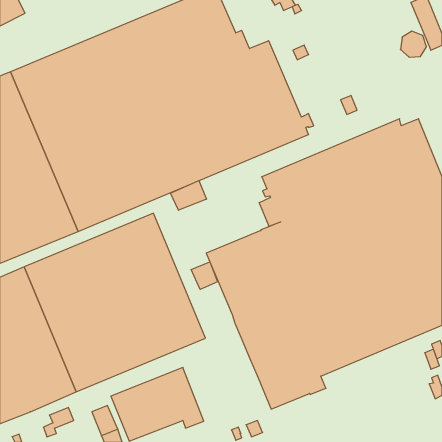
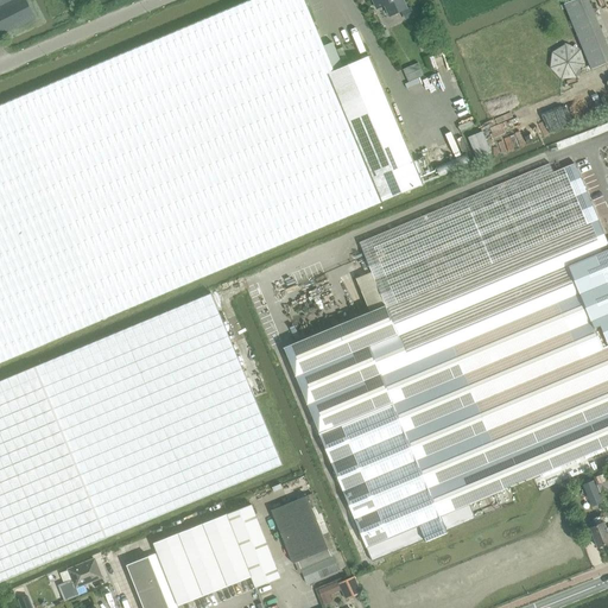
building: [171,181,206,210] -> none
building: [191,262,218,289] -> none
building: none -> [270,495,340,582]

